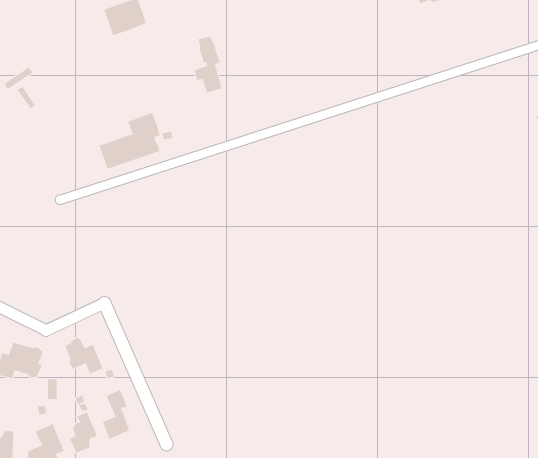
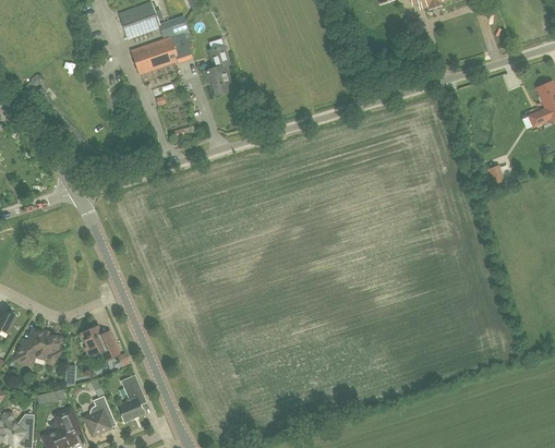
building: [99,112,161,170] -> [132,19,191,73]

